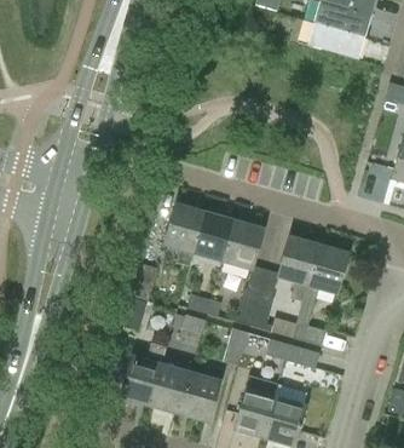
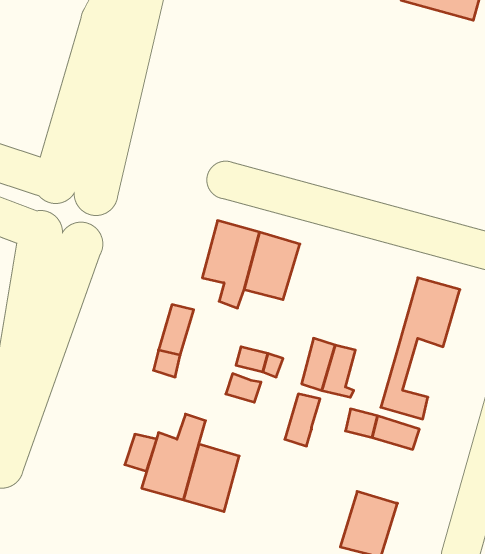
building: [221,220,264,270] -> none
building: [277,236,318,300] -> none
building: [179,373,219,421] -> none
building: [233,375,277,438] -> none

